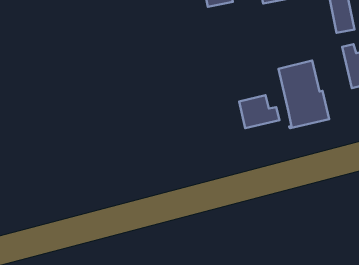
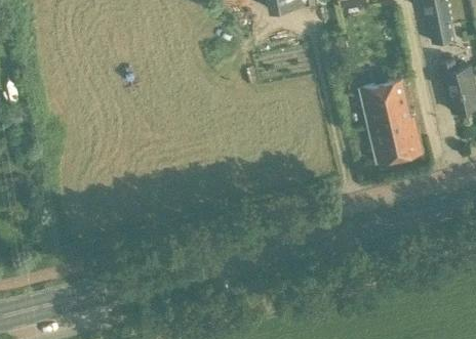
building: [239,95,279,128] -> none

